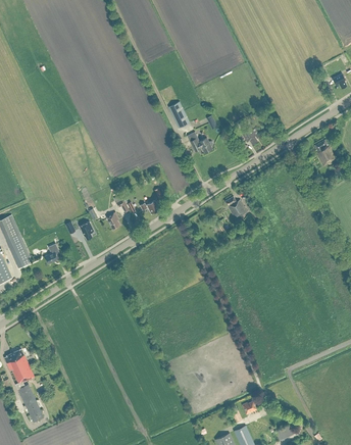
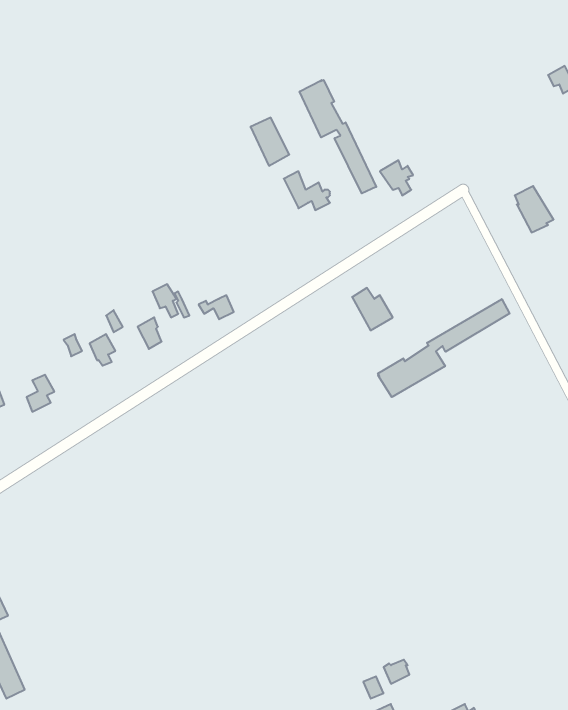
building: none -> [300,80,376,193]
building: none -> [378,299,510,397]

